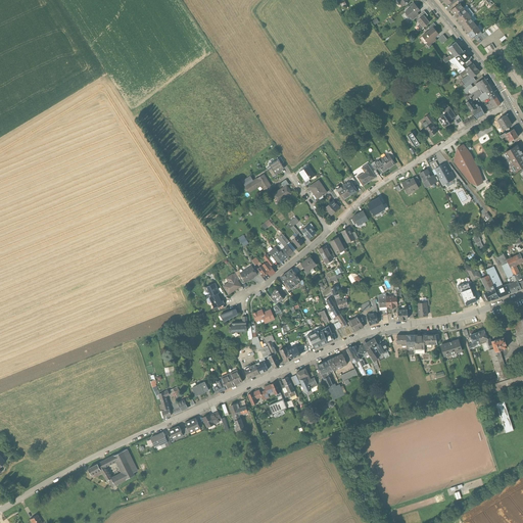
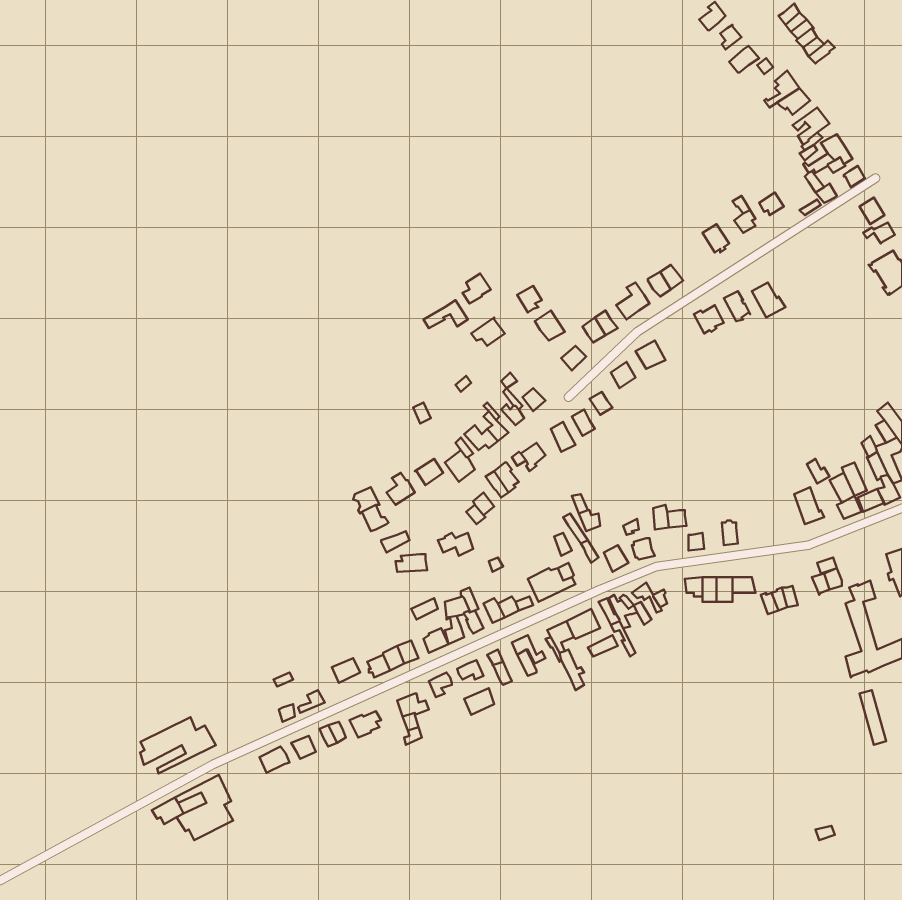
building: [455,144,482,184] -> none
building: none -> [140,717,216,773]

